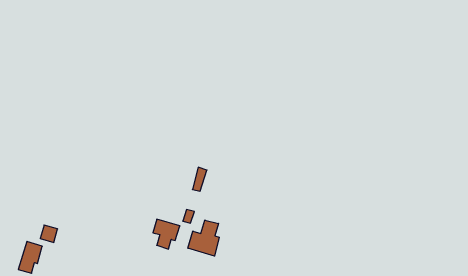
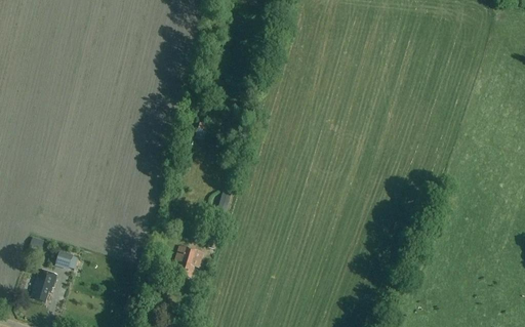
building: [188,220,219,256] -> none

